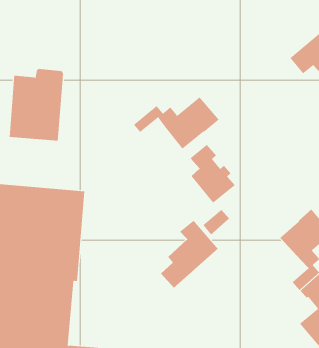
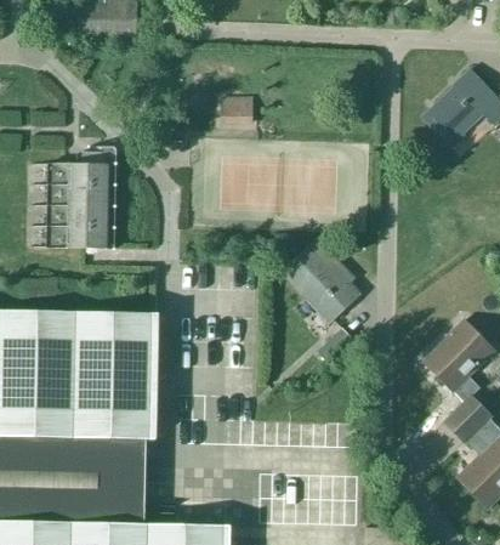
building: none -> [221,97,250,121]
building: [133,97,220,150] -> none
building: [160,220,219,289] -> none

